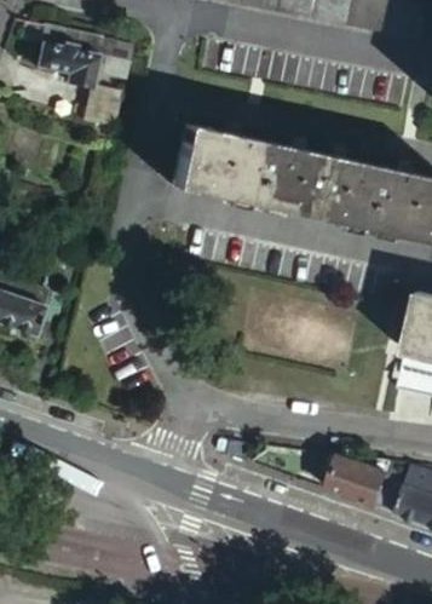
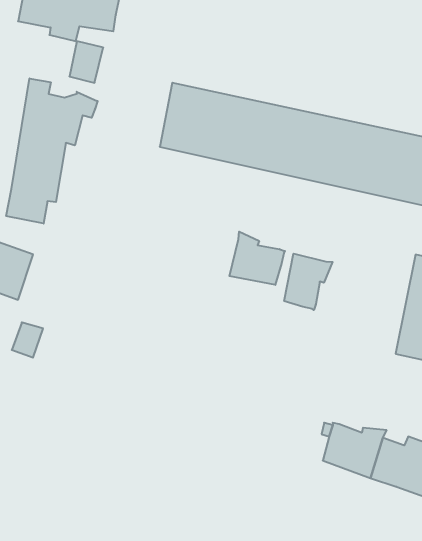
building: none -> [6,78,98,224]
building: none -> [229,232,285,285]
building: none -> [284,254,333,310]

